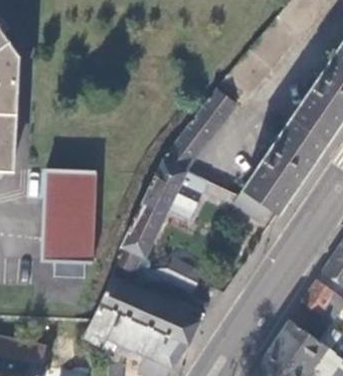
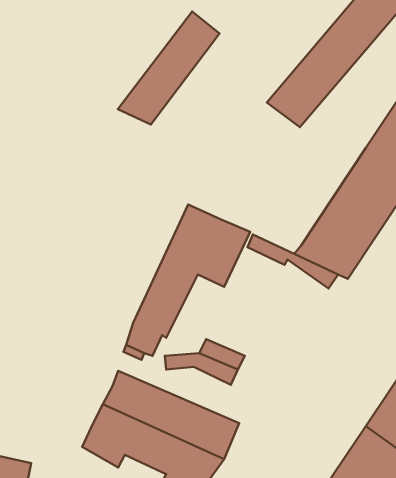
building: [162,88,236,171] -> [118,11,220,124]
building: [42,170,96,263] -> none

